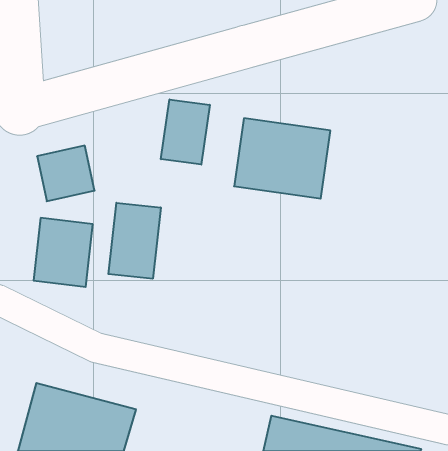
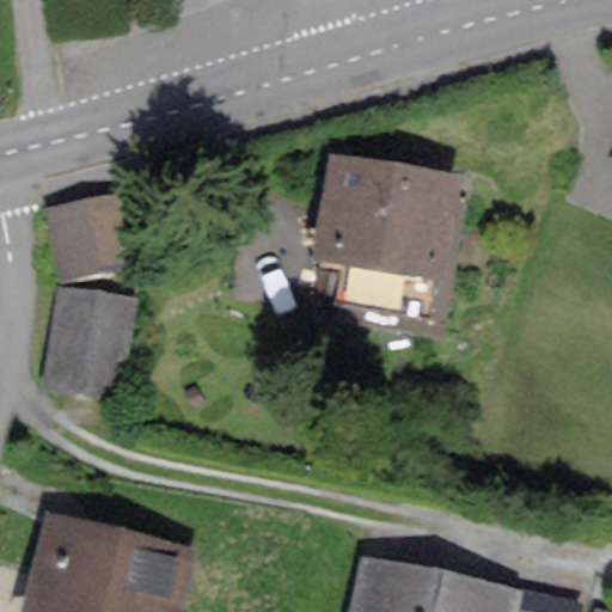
building: [161,99,210,165] -> none
building: [108,203,161,279] -> none

